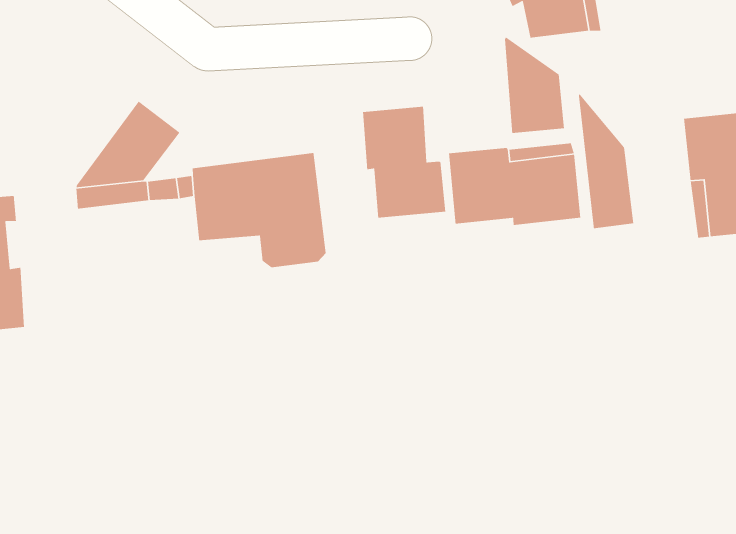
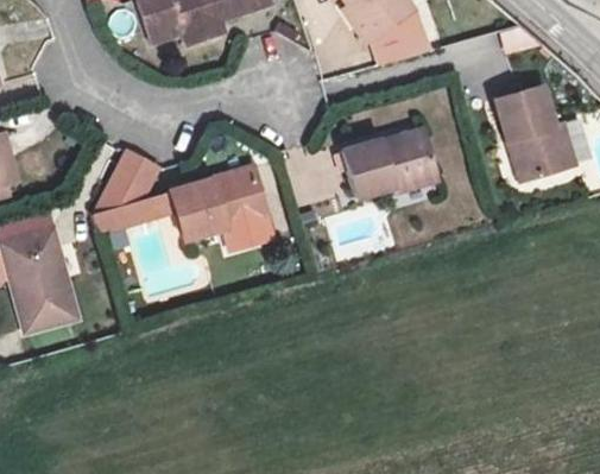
building: [504,36,565,134] -> none
building: [578,92,634,229] -> none
building: [362,106,446,218] -> none

